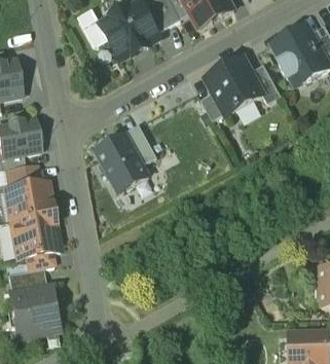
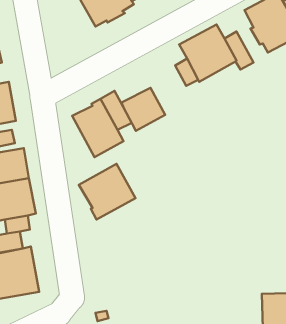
building: none -> [121,88,165,131]
building: none -> [79,164,135,220]

